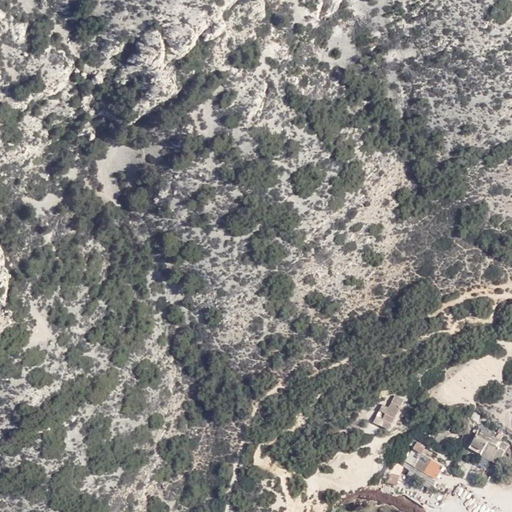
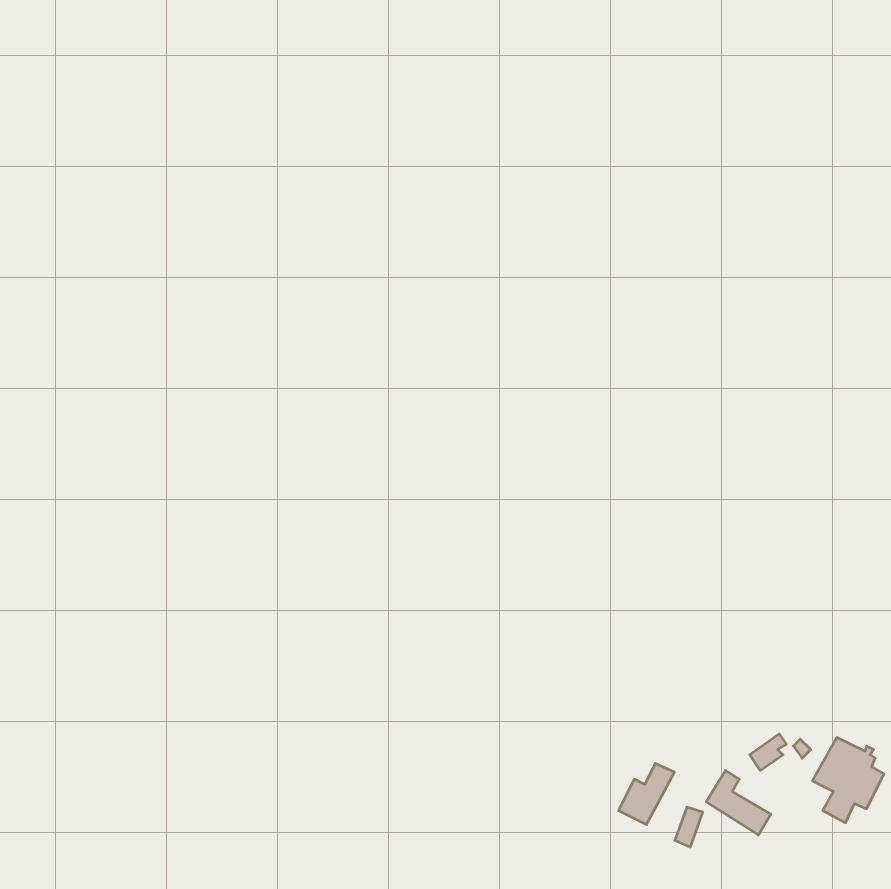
building: [373,395,405,430] -> [619,763,674,825]

